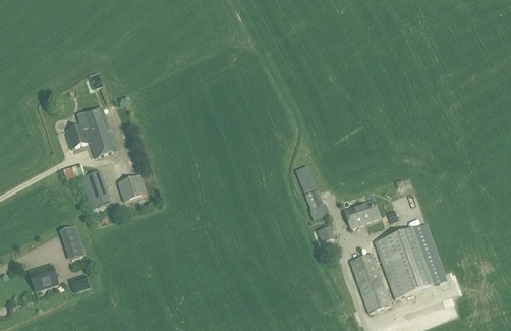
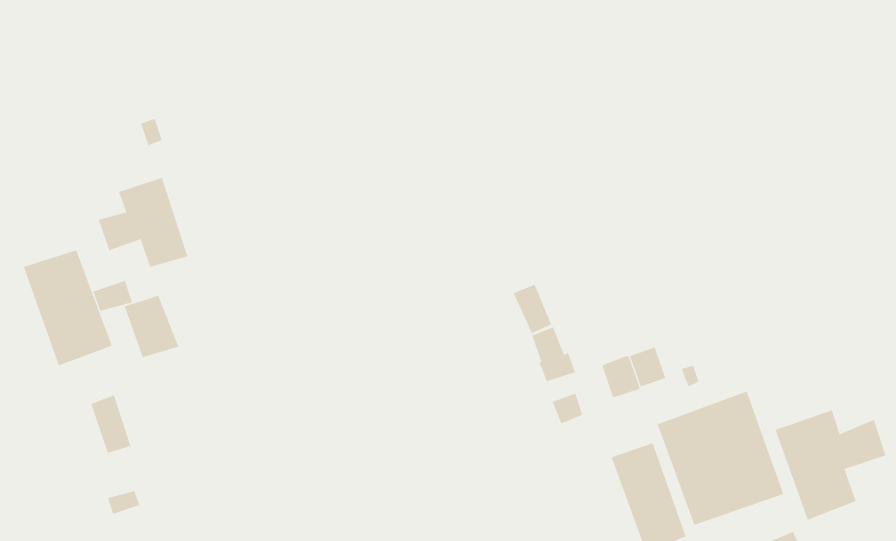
building: none -> [23,249,113,366]
building: [116,174,147,202] -> none
building: none -> [775,409,886,521]
building: [29,265,57,290] -> none

